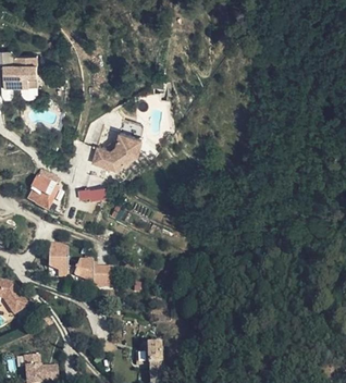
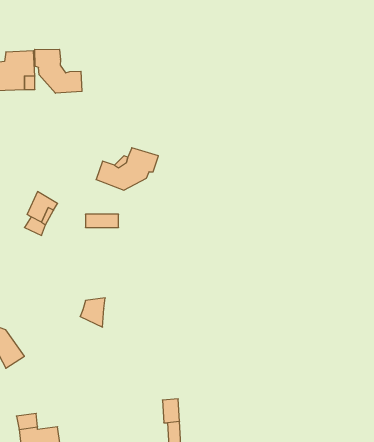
building: none -> [35,49,82,93]
building: [49,243,70,274] -> none
building: [92,267,115,291] -> none

